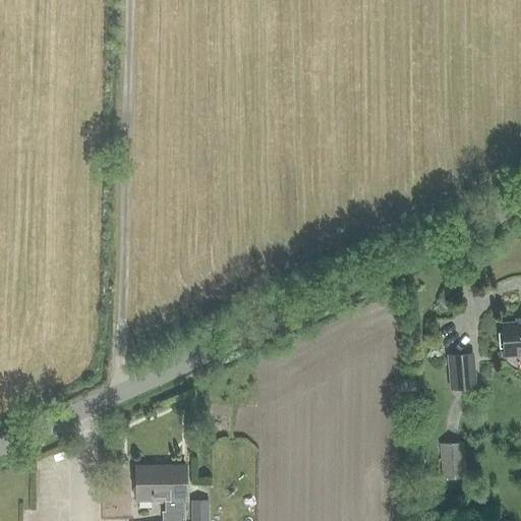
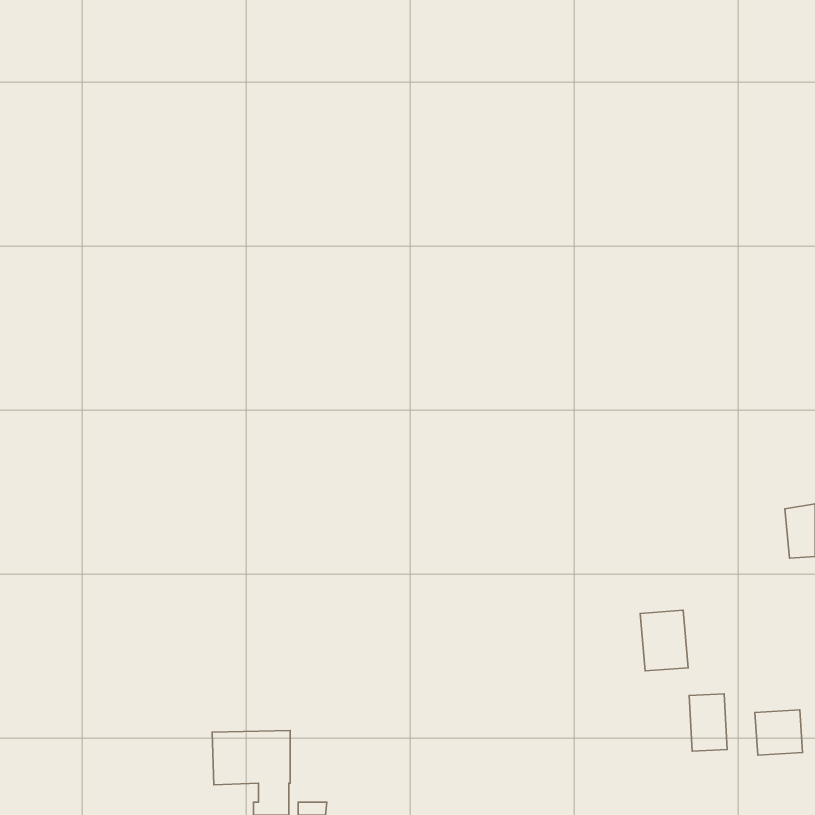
building: [446,352,476,391] -> [640,610,688,671]
building: none -> [755,710,803,755]

